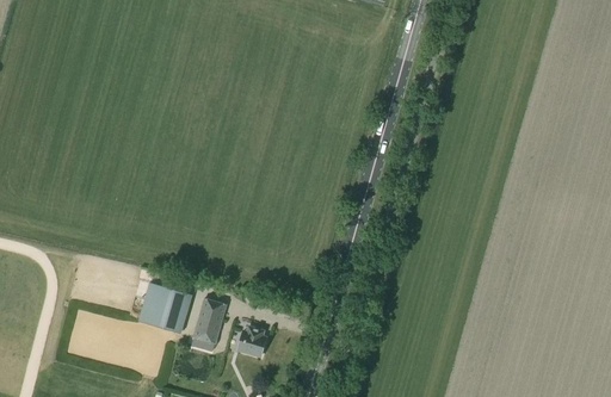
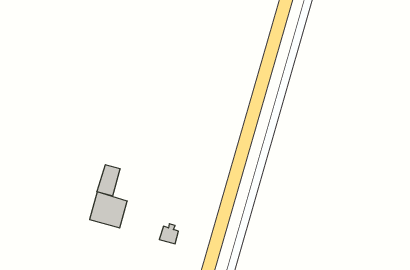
building: [192,298,226,342] -> [97,165,120,196]

